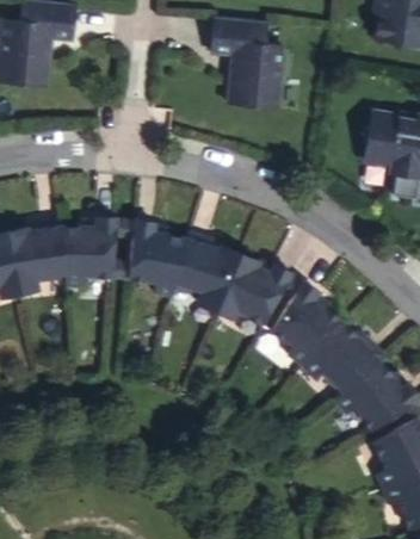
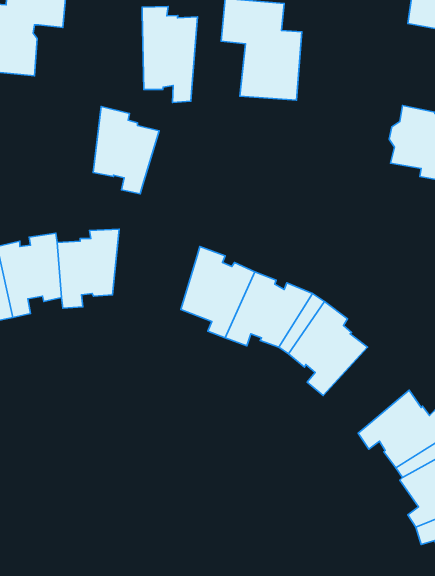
building: none -> [142,6,197,102]
building: [131,221,190,298] -> [93,107,159,194]
building: [302,323,384,394] -> none

